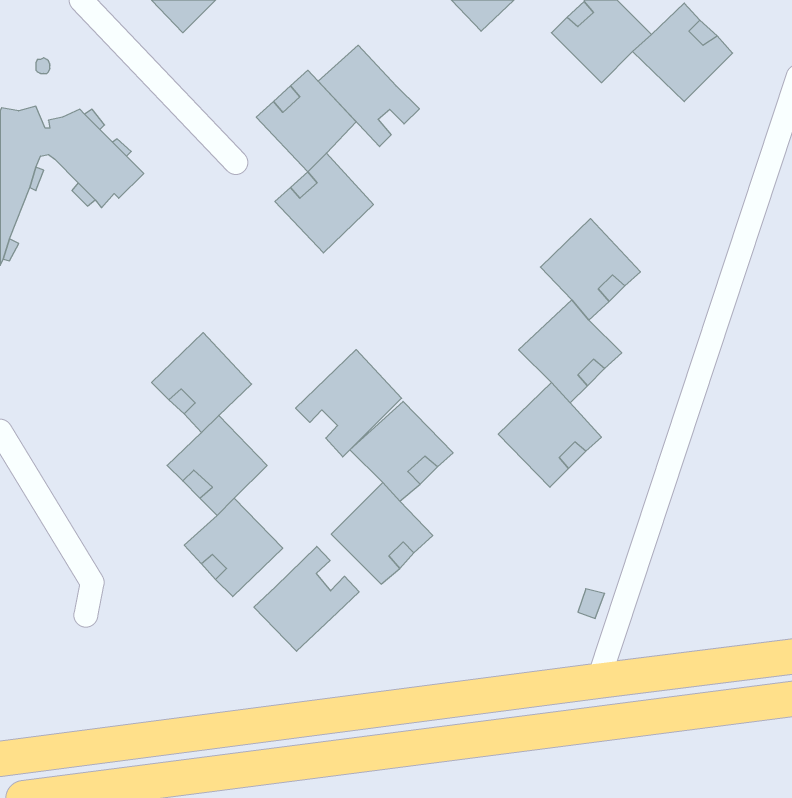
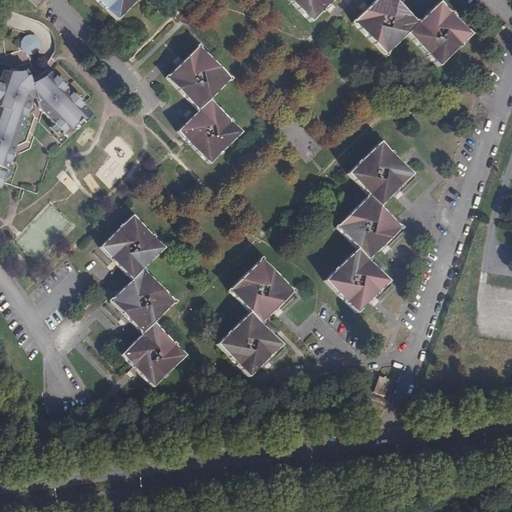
building: [318,45,419,147] -> none
building: [296,350,402,457] -> none
building: [254,546,359,651] -> none

